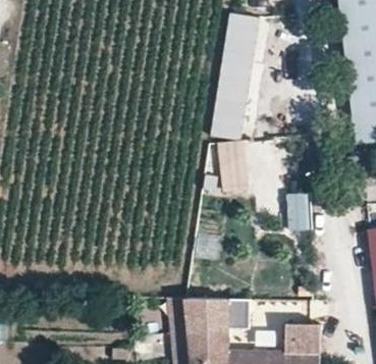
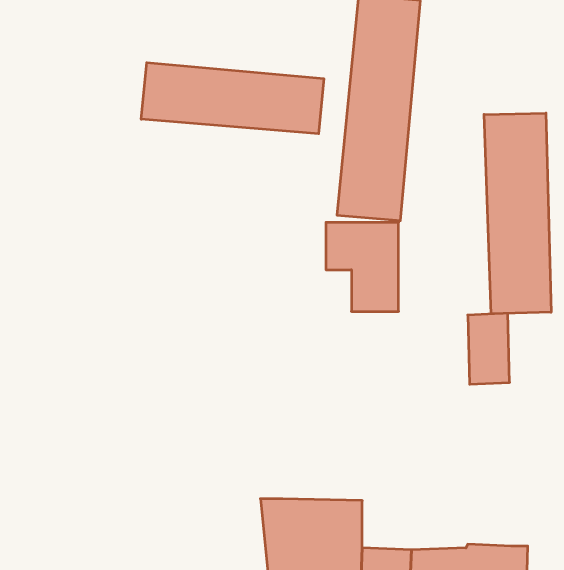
building: none -> [141,63,324,134]
building: none -> [484,113,551,314]

